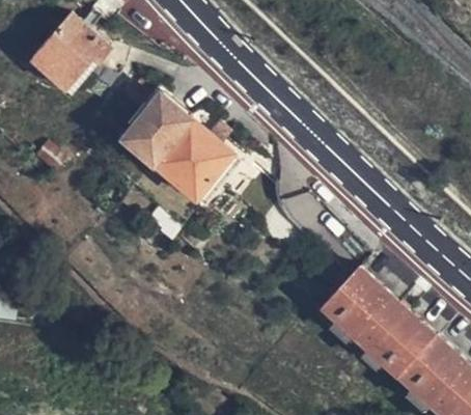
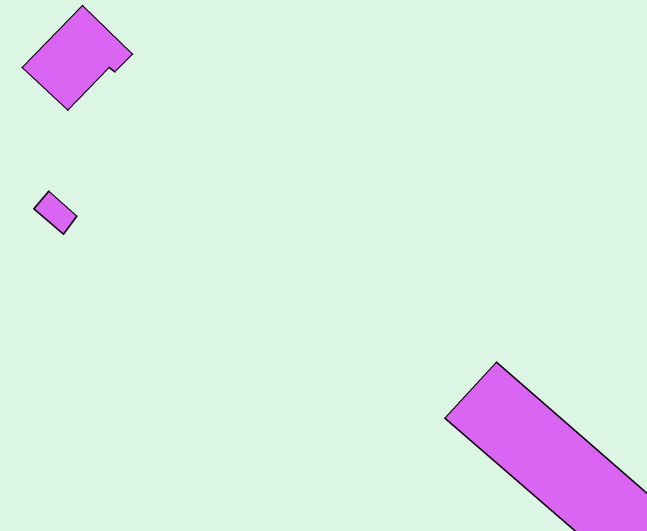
building: [119,98,224,201] -> none

